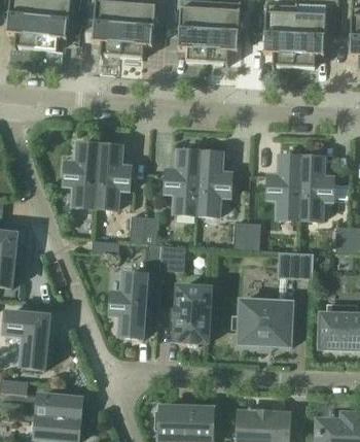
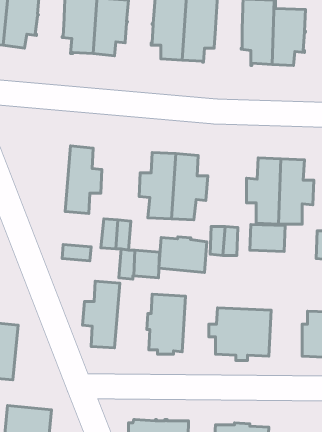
building: [65,143,100,207] -> none
building: none -> [159,237,207,272]
building: [279,251,313,277] -> [250,225,285,251]

